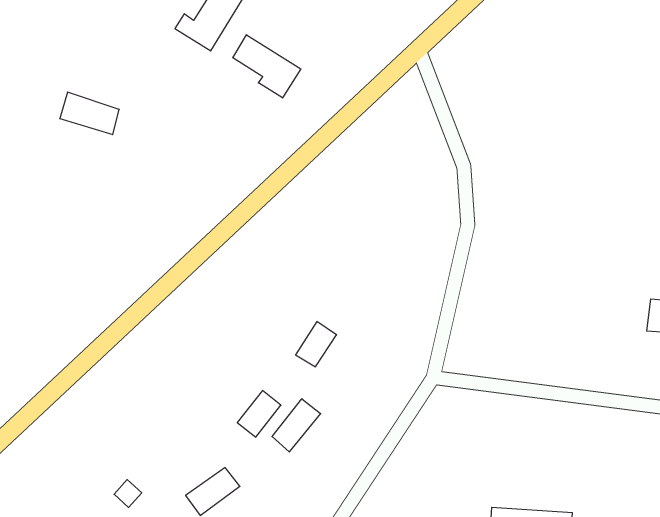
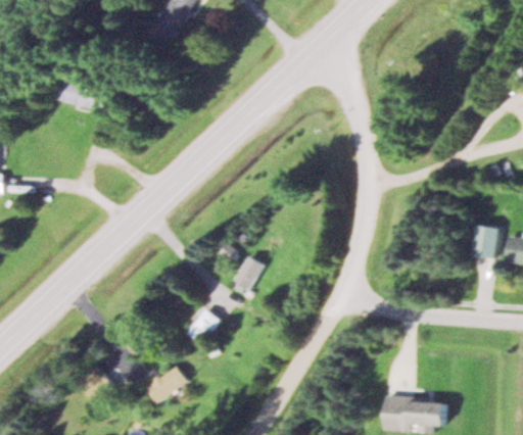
building: [233,35,301,98] -> none
building: none -> [470,225,498,259]
building: [272,399,321,452] -> none

